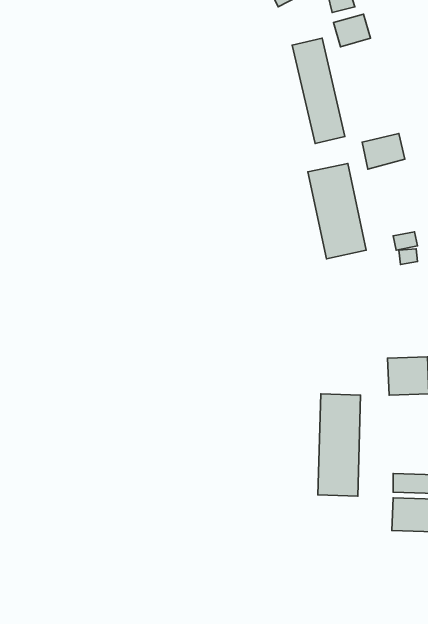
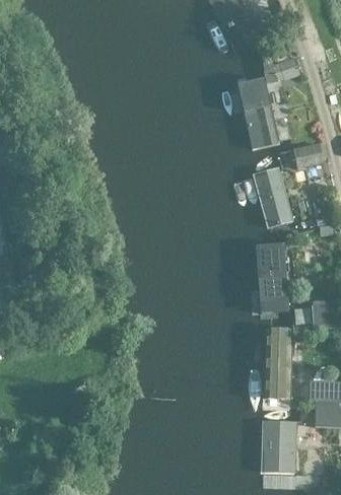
building: none -> [253,242,291,314]
building: none -> [257,418,295,474]

